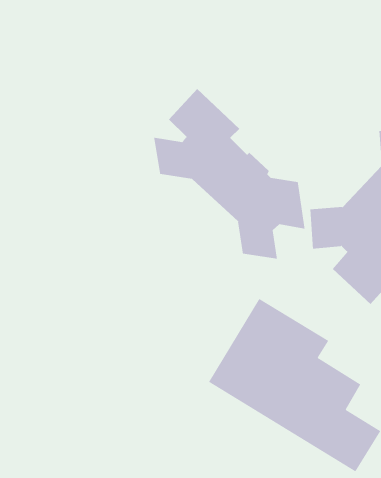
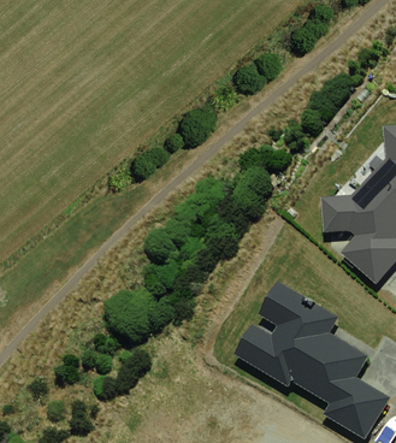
building: [154,88,305,259] -> none

